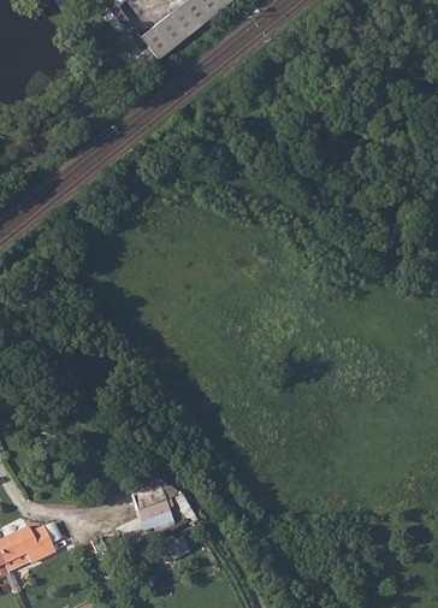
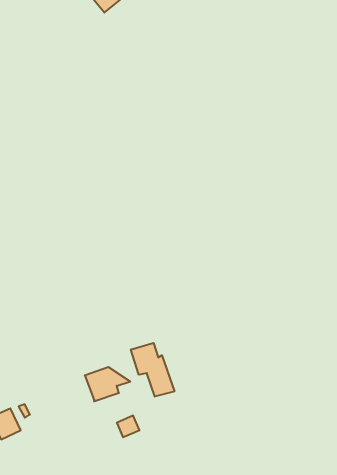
building: none -> [131,343,174,397]

